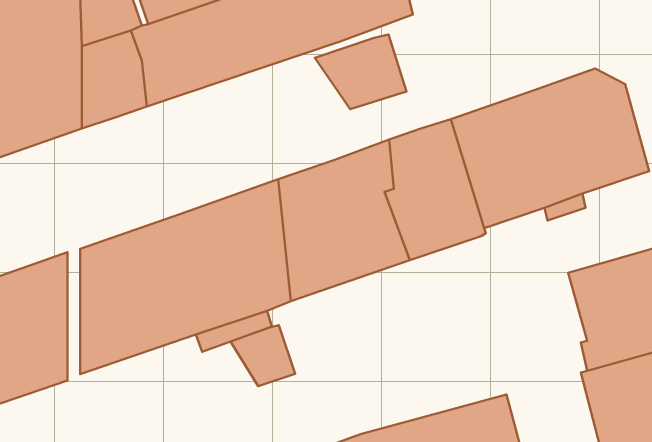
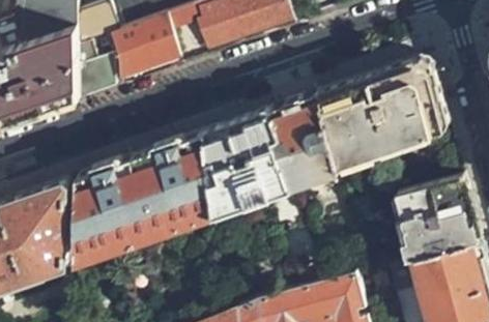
building: [315,34,407,109] -> none
building: [231,325,295,386] -> none

